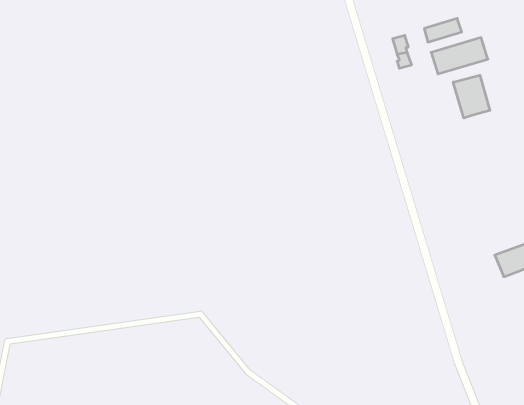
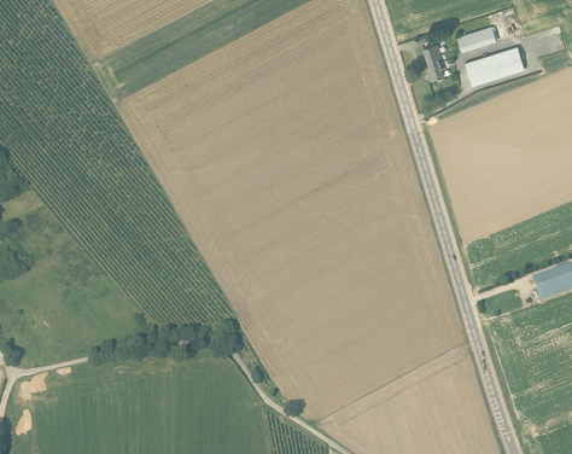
building: [453,75,490,118] -> none

